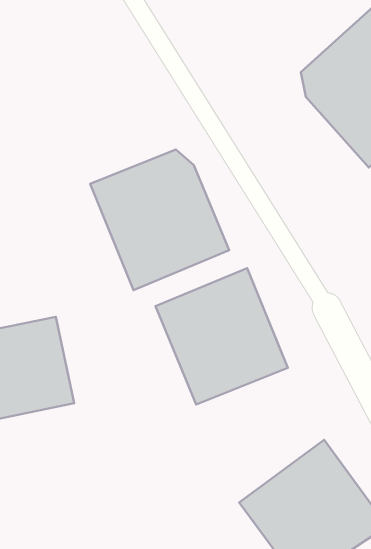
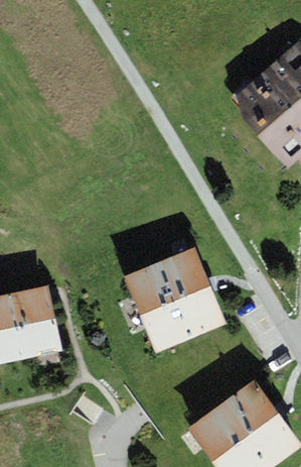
building: [90,149,229,290] -> none

